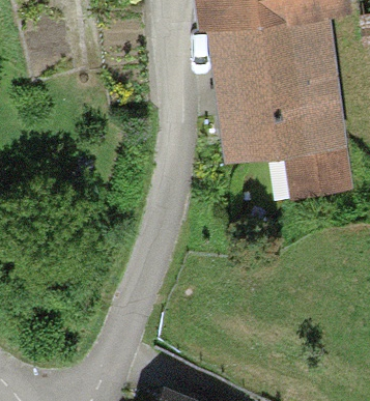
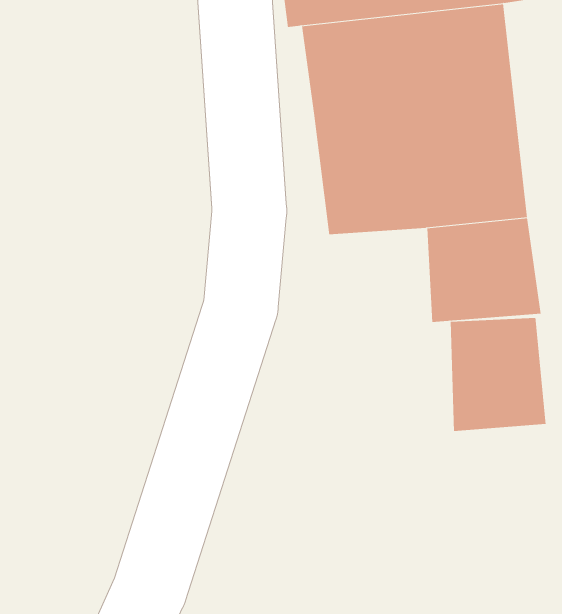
building: none -> [450,317,546,432]

